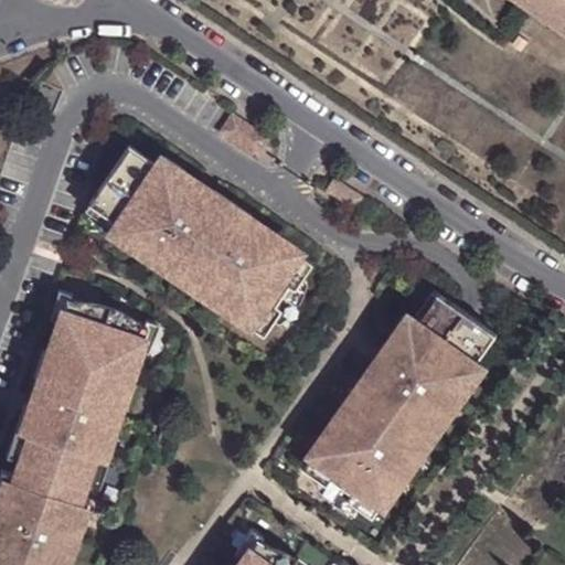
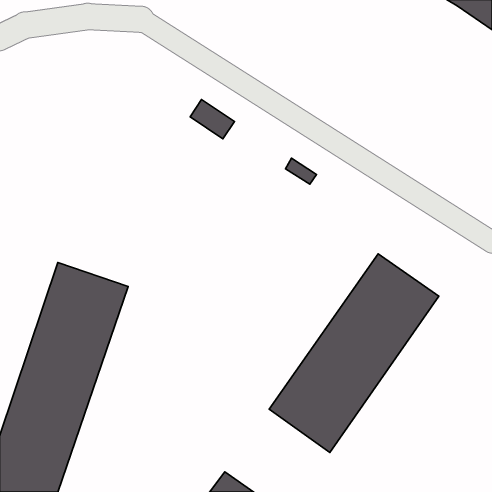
building: [83,143,310,335] -> none

